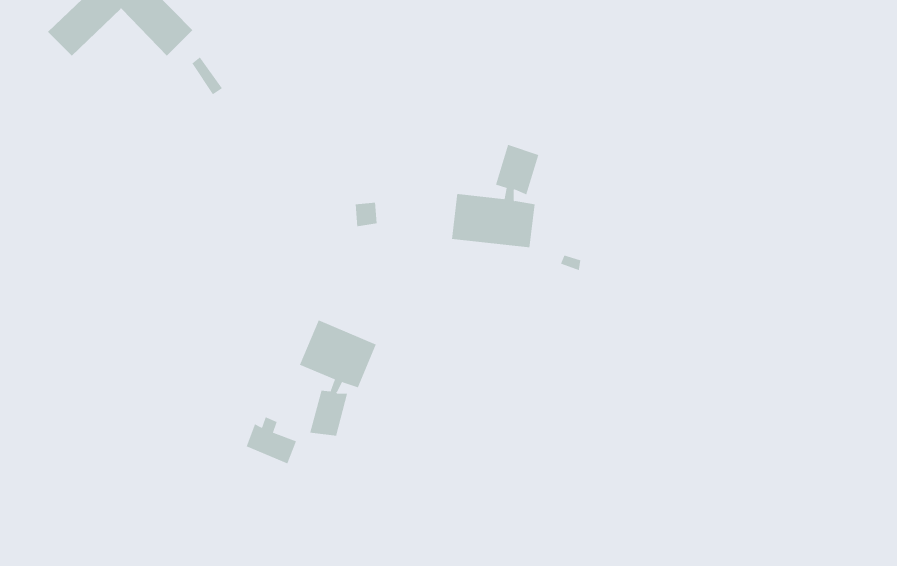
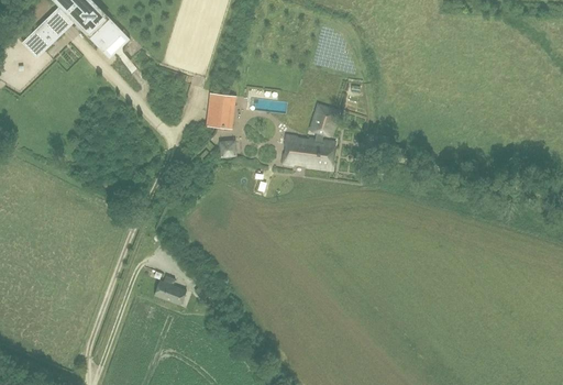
building: none -> [206,91,233,128]
building: [299,320,376,436] -> none

